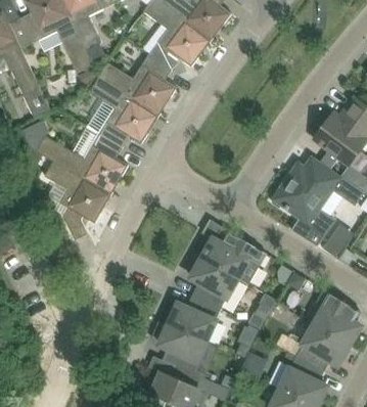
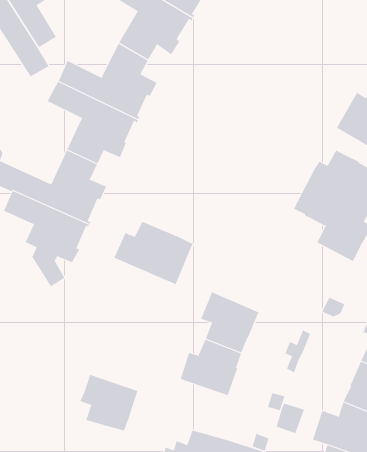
building: [201,231,266,284] -> [114,221,194,285]
building: [158,324,205,372] -> [80,374,138,431]

